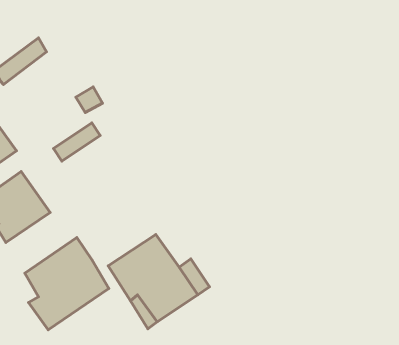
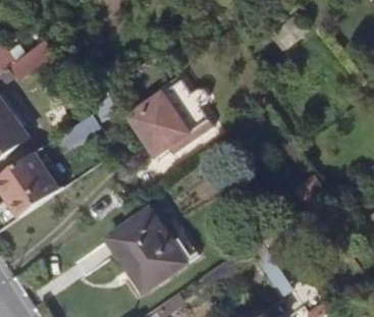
building: none -> [126,78,212,155]
building: [25,238,109,330] -> none

